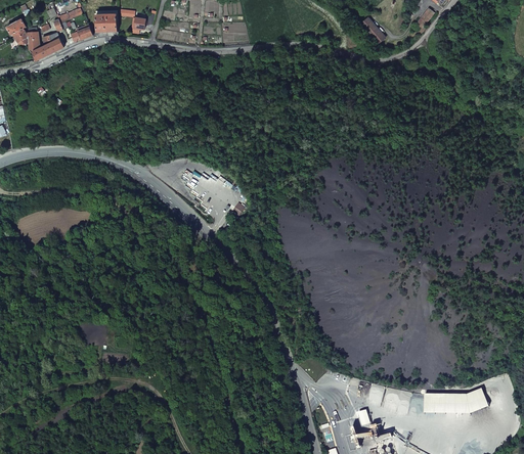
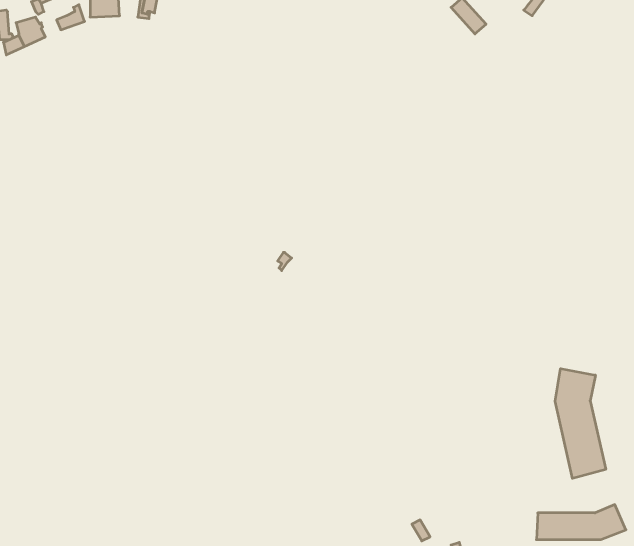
building: none -> [555,369,606,478]

